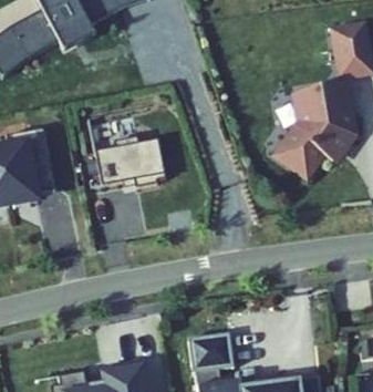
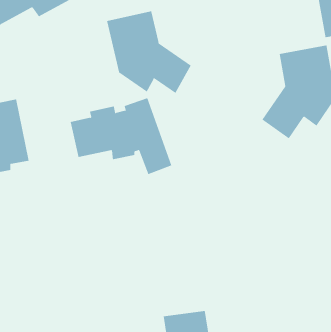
building: none -> [107,11,192,94]

